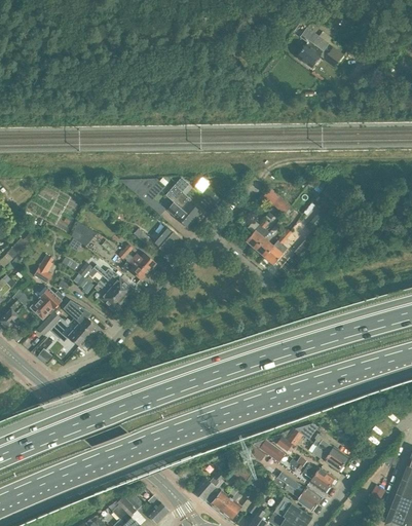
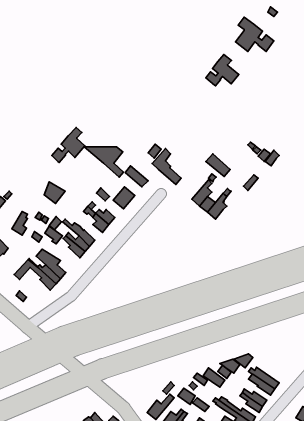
building: none -> [206,54,239,86]
building: none -> [52,127,85,162]
building: [166,178,200,220] -> [152,149,181,184]
building: [31,289,63,318] -> none

